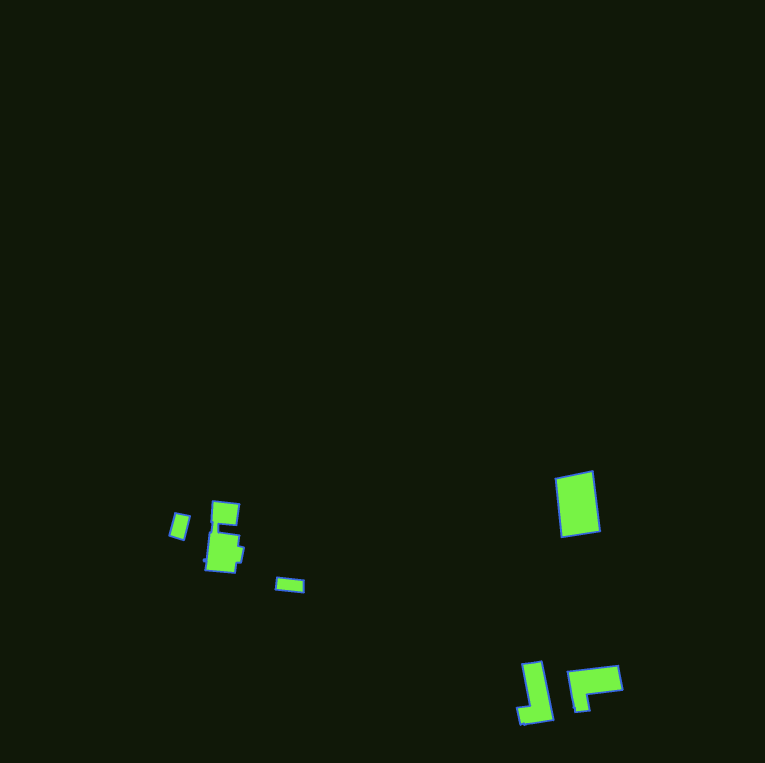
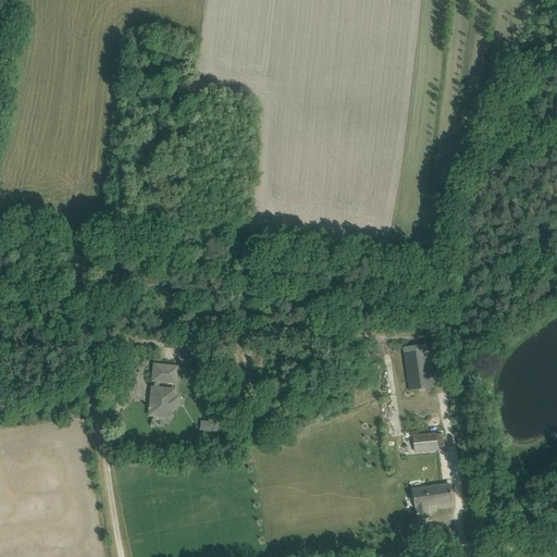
building: none -> [412,432,438,451]
building: [517,661,553,725] -> none

